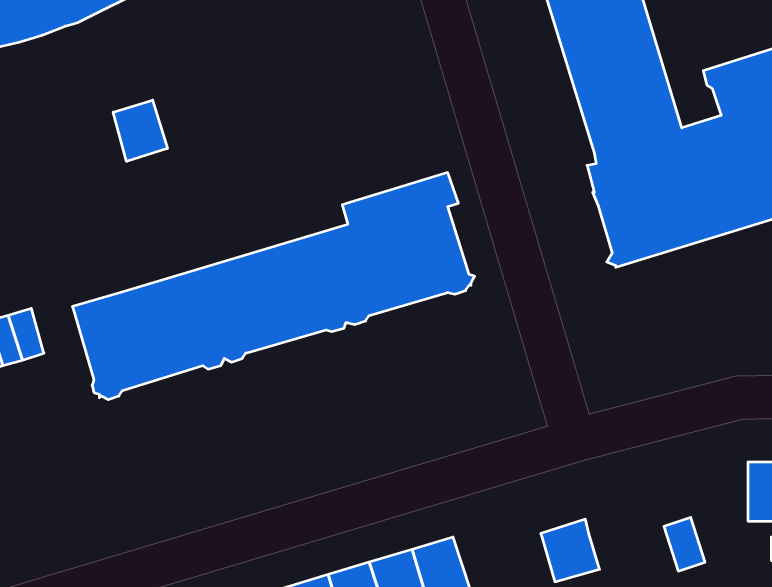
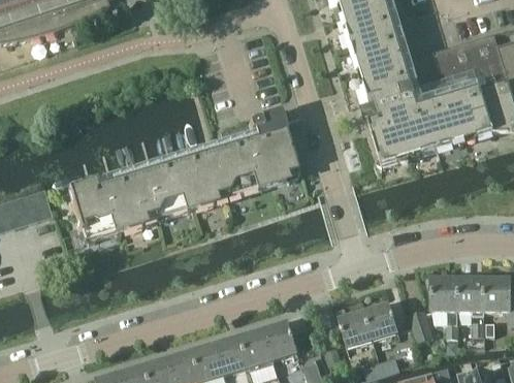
building: [113,100,167,161] -> none
building: none -> [430,277,457,337]
building: none -> [363,302,397,339]

